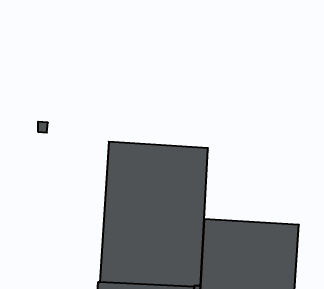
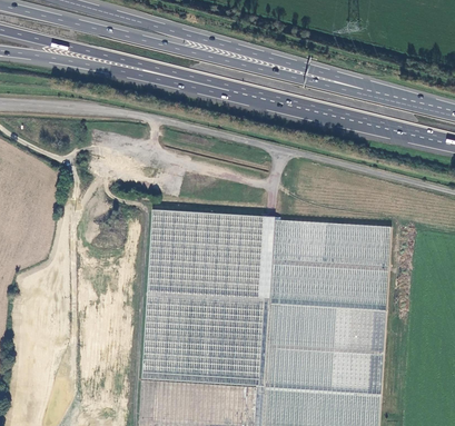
building: none -> [269,220,389,311]

